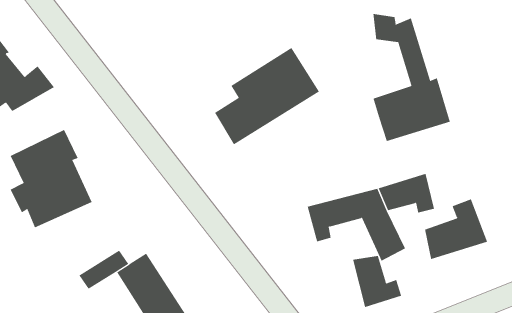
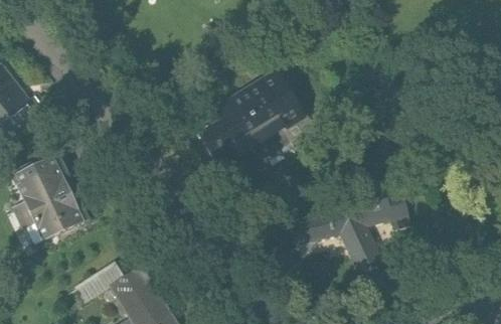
building: [373,13,451,142] -> none
building: [425,199,488,260] -> none
building: [352,255,402,308] -> none

